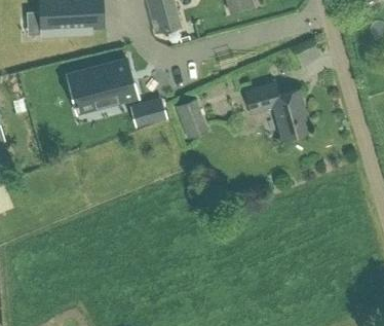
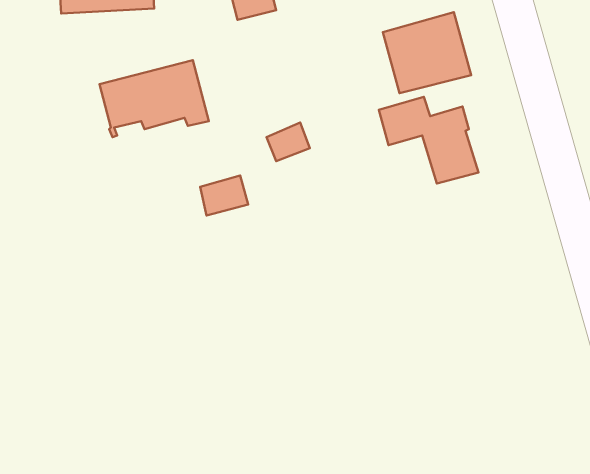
building: none -> [383,12,471,93]
building: [131,100,162,125] -> [200,176,248,216]

